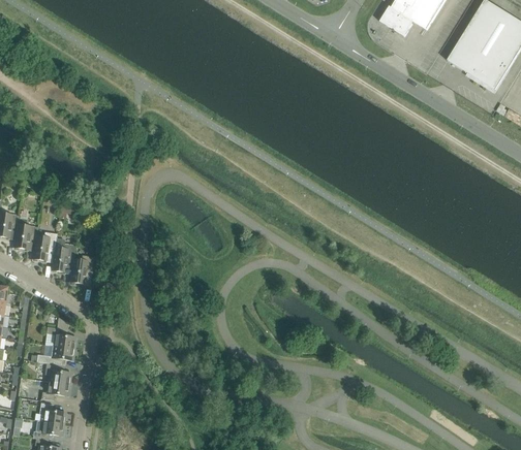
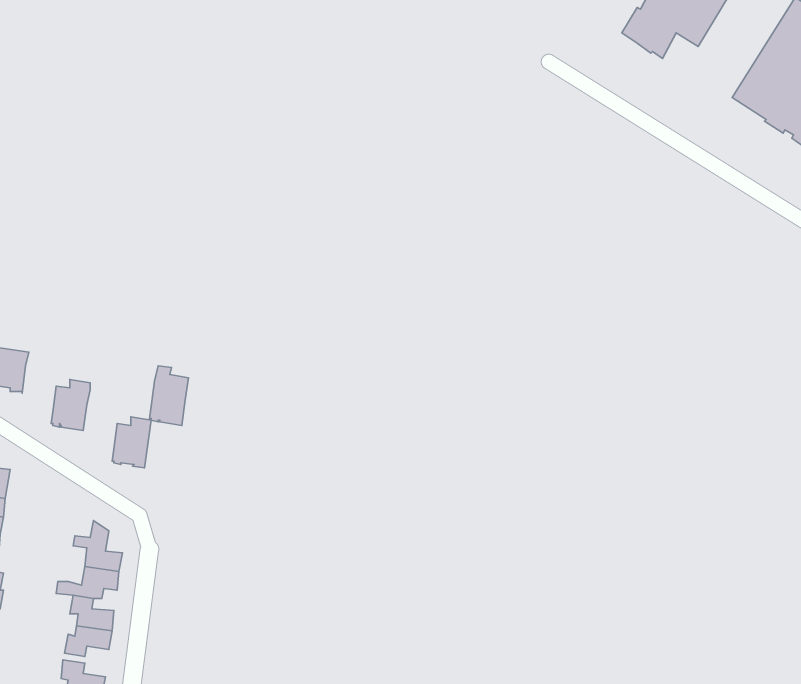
building: [13,223,37,251] -> none
building: [51,237,74,274] -> [150,366,189,425]

